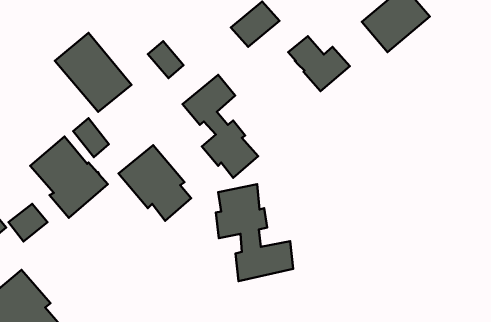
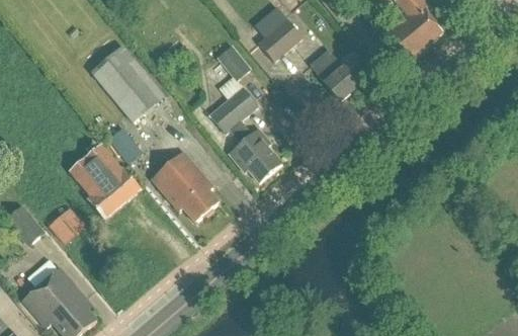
building: [148,41,184,78] -> [218,46,251,80]
building: [216,184,293,281] -> none

